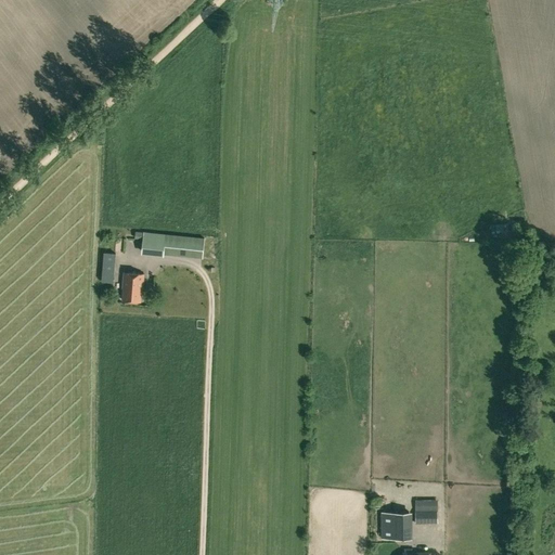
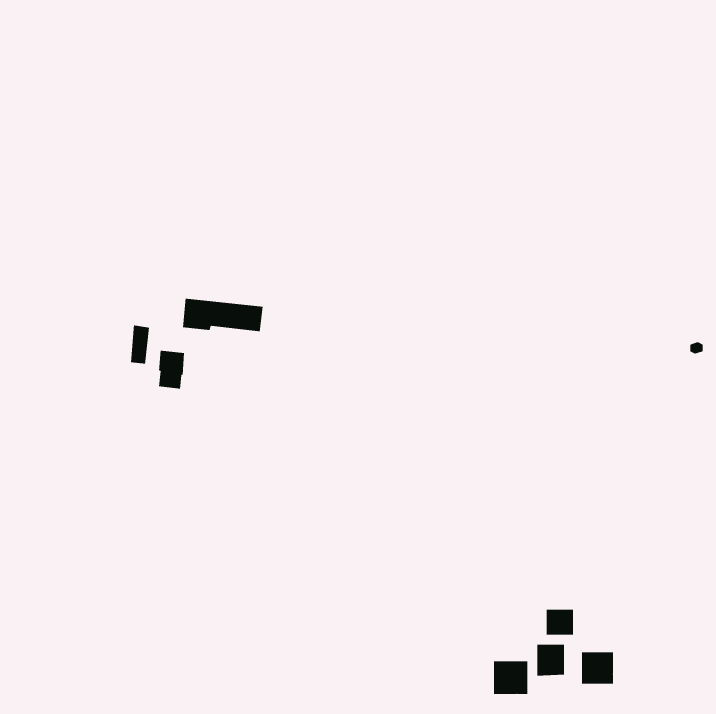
building: none -> [546,609,574,636]
building: none -> [582,652,613,685]

